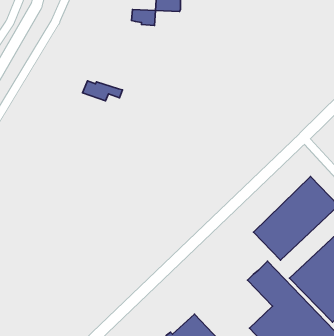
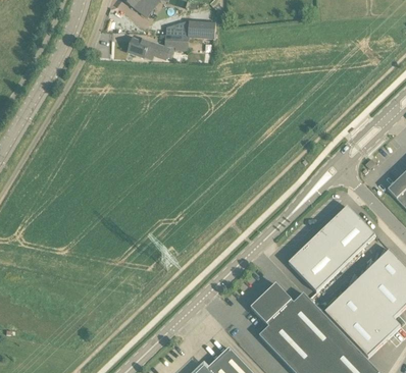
building: [83,81,122,101] -> [128,39,168,59]
building: none -> [251,282,308,361]

